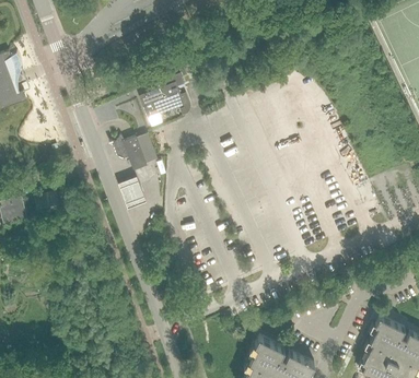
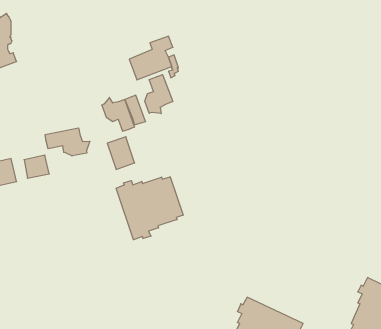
building: none -> [145,75,173,114]
building: none -> [45,128,90,156]
building: none -> [116,177,183,240]

